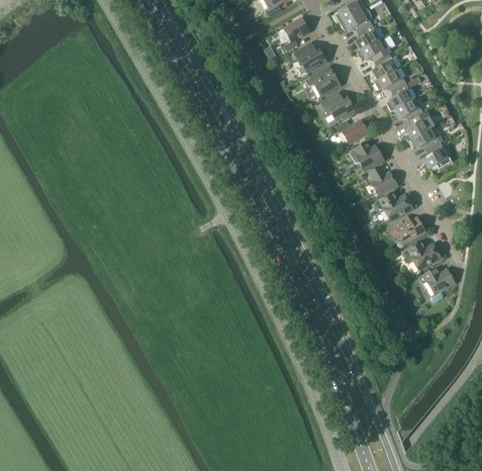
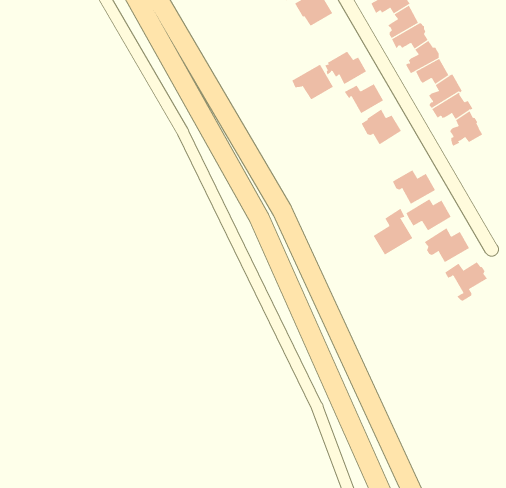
building: [305,66,341,96] -> [291,64,334,100]
building: [370,166,397,195] -> none
building: none -> [373,208,413,255]

